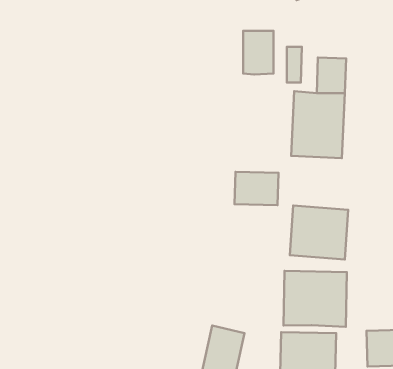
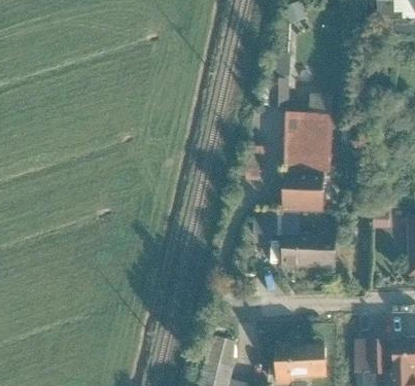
building: [243,31,273,74] -> none
building: [234,172,279,205] -> [283,182,325,214]
building: [284,271,347,327] -> none

